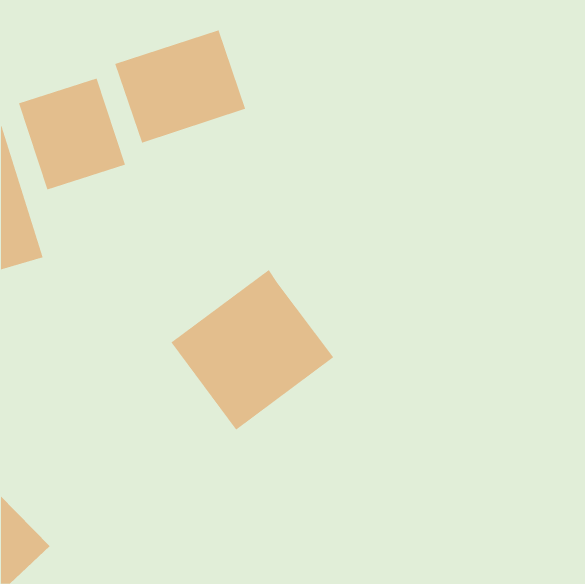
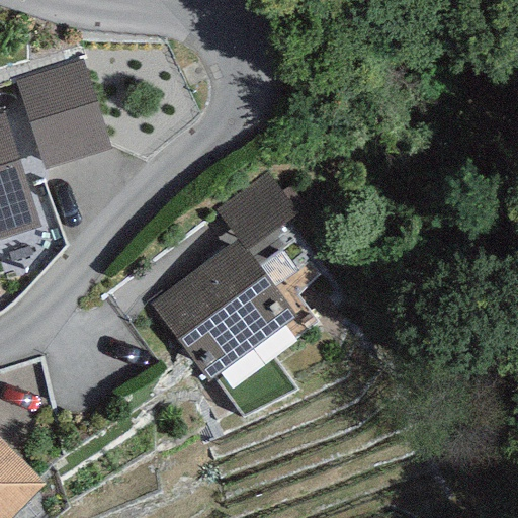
building: [115,29,246,143] -> none
building: none -> [217,172,296,250]

